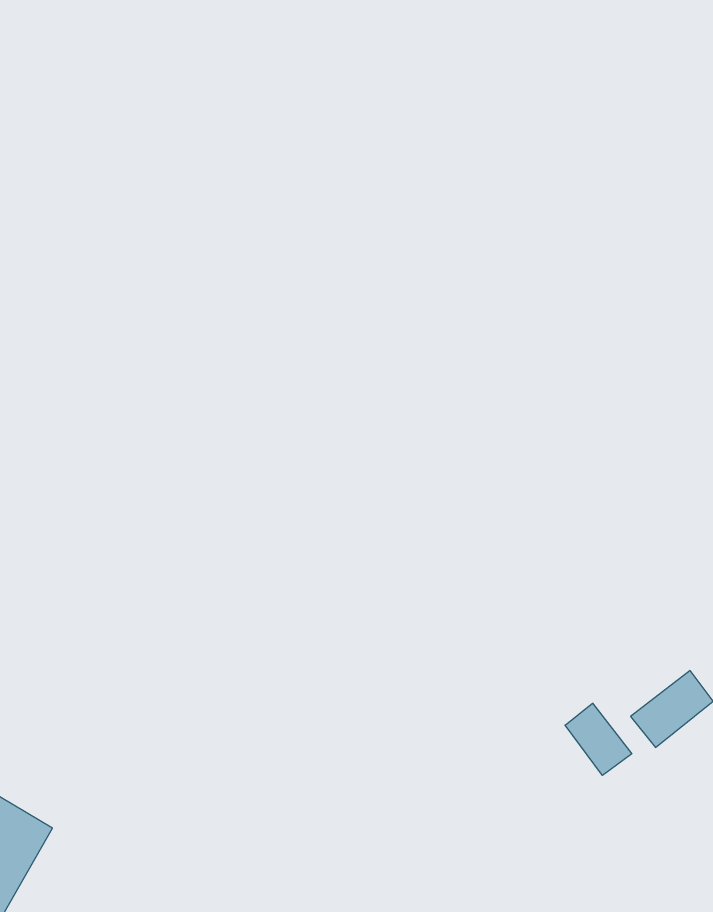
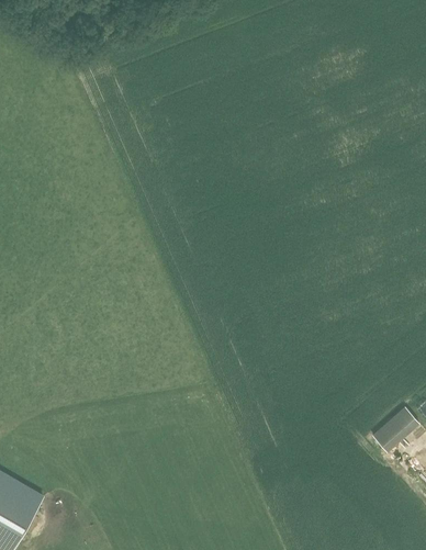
building: [565,703,632,775] -> none

